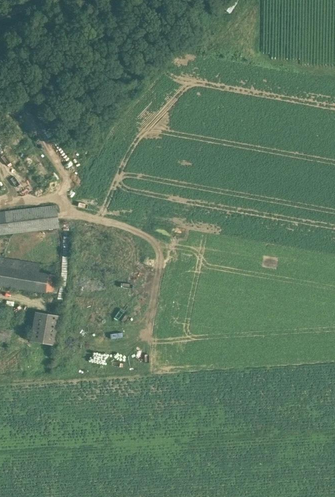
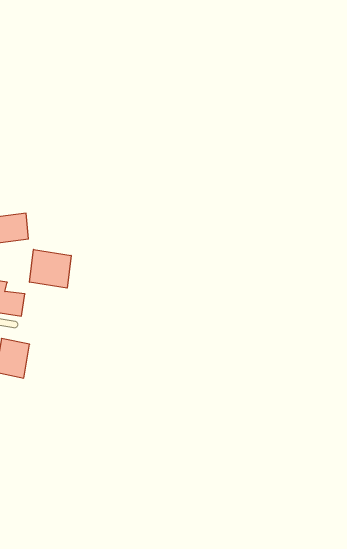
building: none -> [30,249,71,288]

